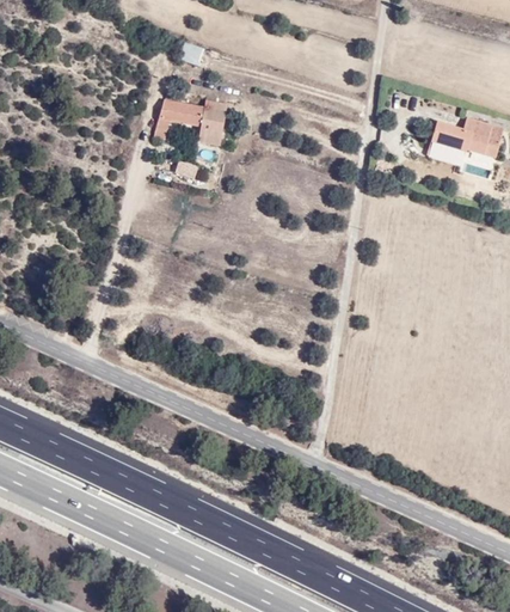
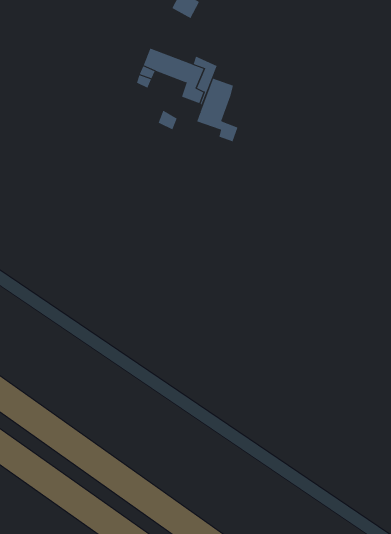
building: none -> [196,78,238,142]

